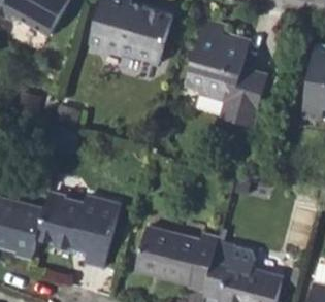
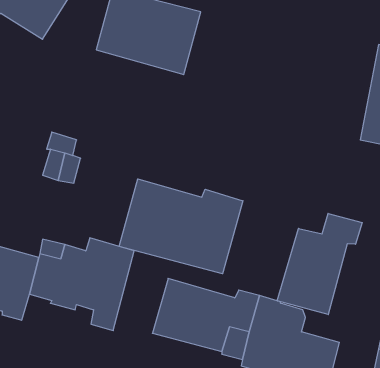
building: [183,19,266,126] -> none
building: none -> [119,179,243,274]
building: none -> [277,213,362,315]

